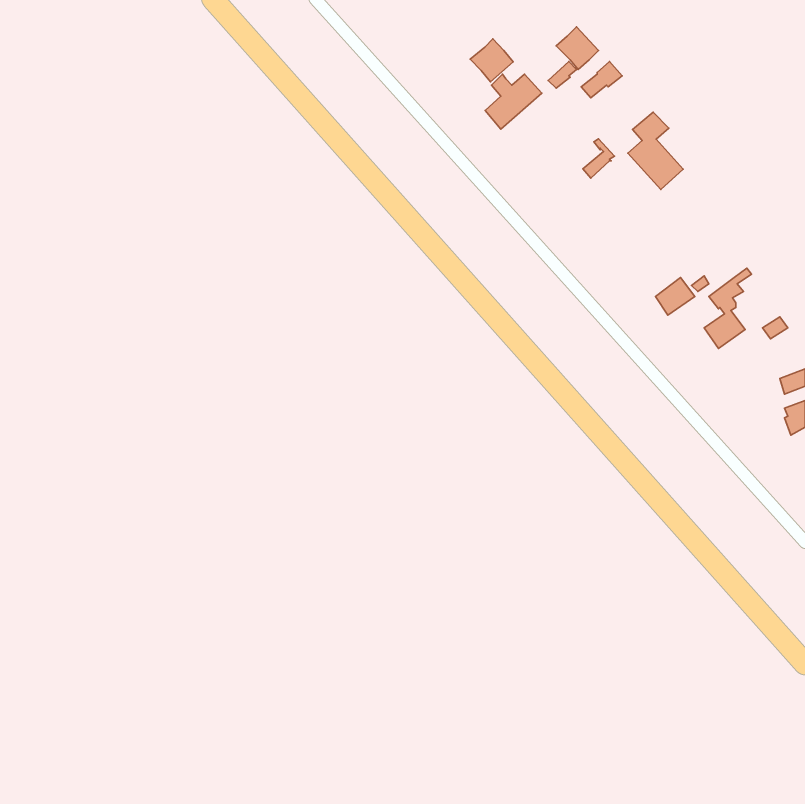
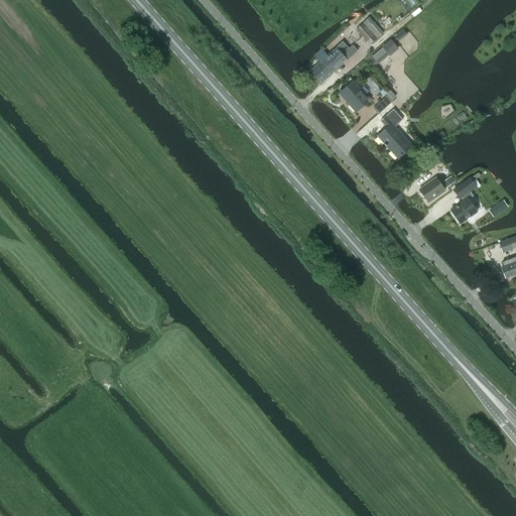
building: [470,39,513,82] -> none
building: [628,112,683,190] -> [377,109,412,158]
building: none -> [339,80,370,112]

